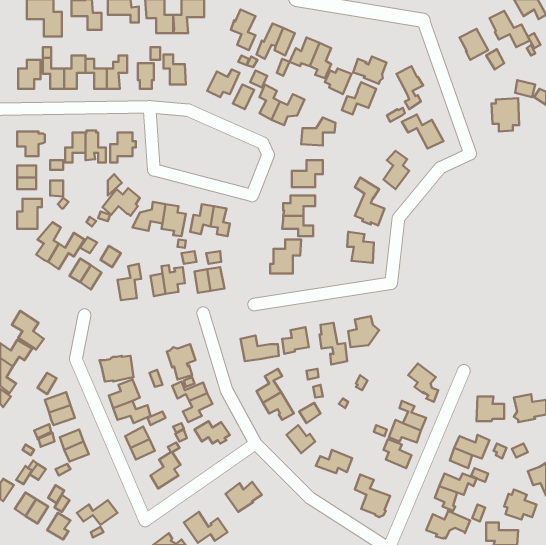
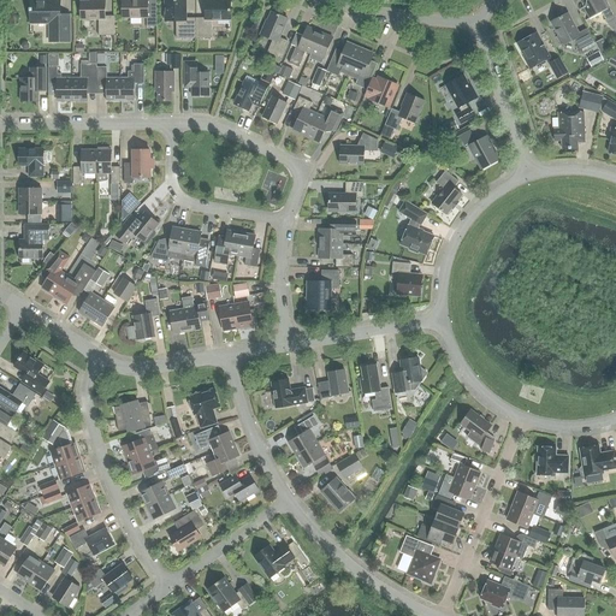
building: [353,57,387,84] -> none
building: [316,450,352,473] -> [416,517,457,544]
building: none -> [70,527,114,555]

